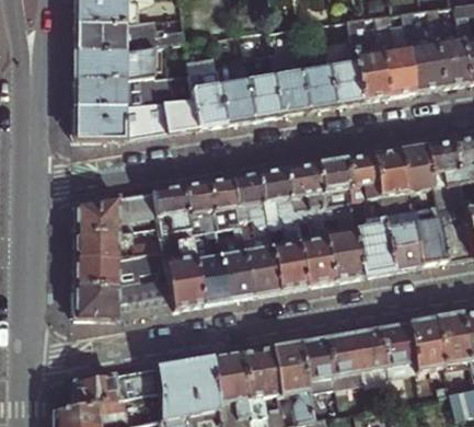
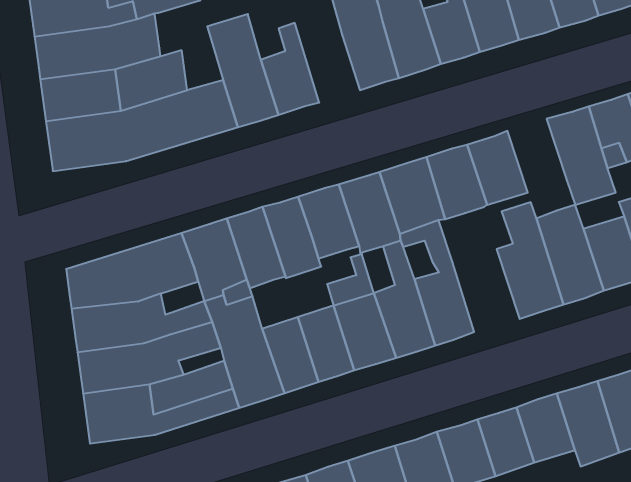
building: [243,62,279,118] -> none
building: [371,149,405,212] -> none
building: [324,200,362,280] -> none

